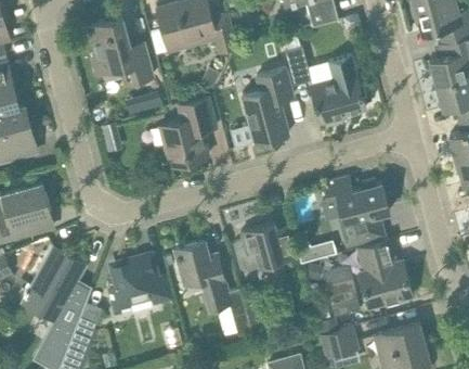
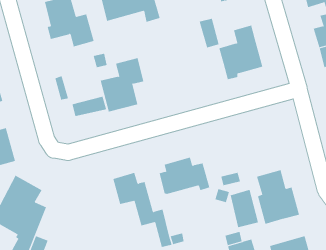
building: [240,68,291,143] -> none
building: none -> [72,96,107,117]
building: [321,177,388,246] -> none
building: [107,256,172,318] -> none

